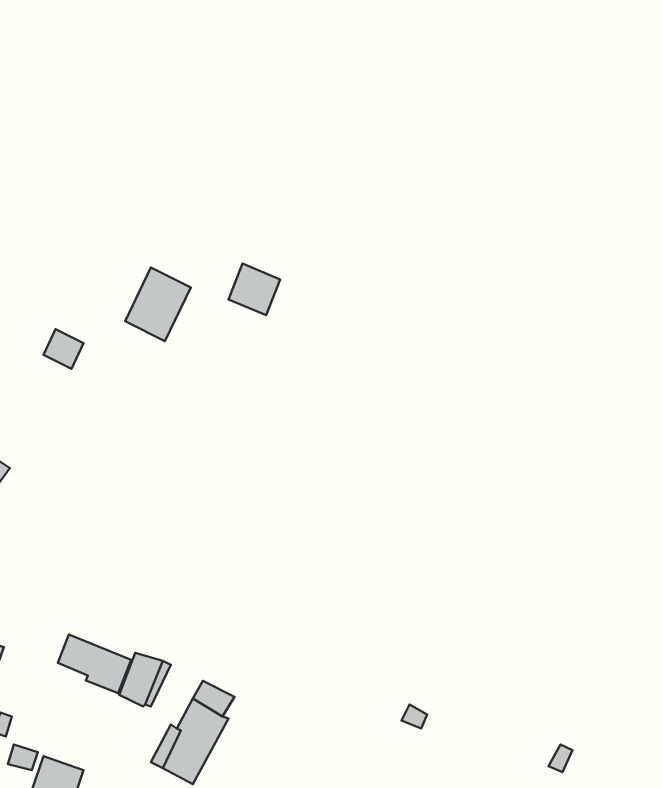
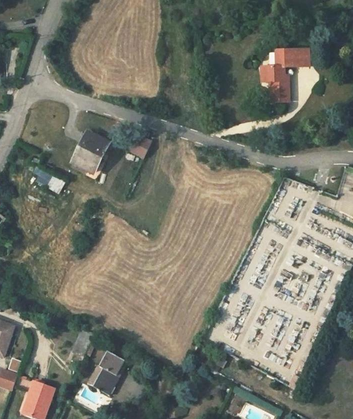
building: none -> [261,49,309,102]
building: [58,635,131,693] -> none

